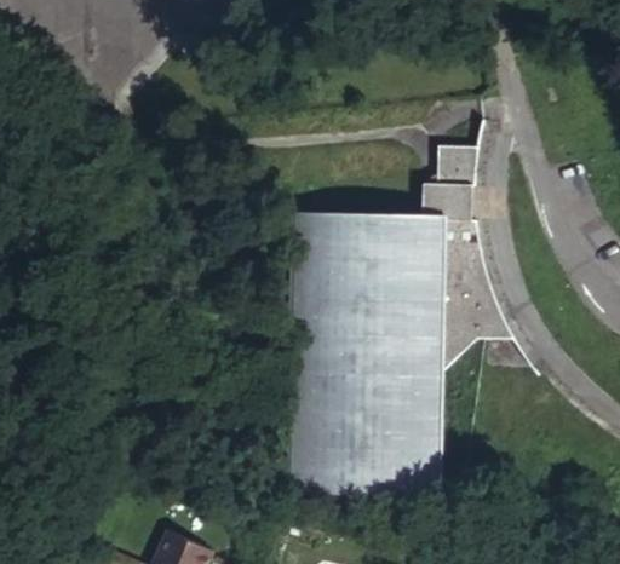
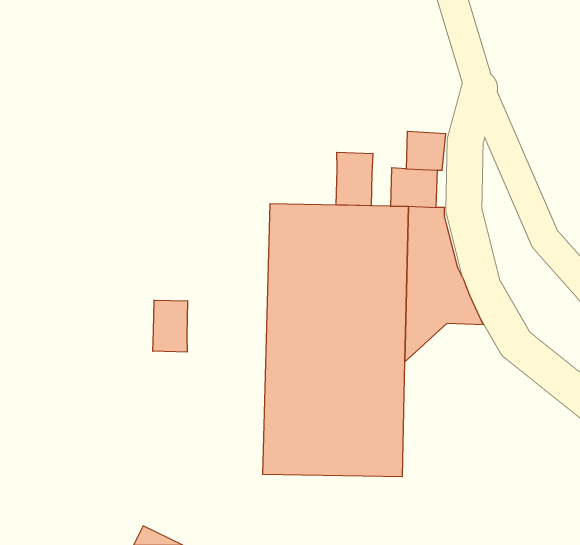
building: none -> [336,152,373,206]
building: none -> [153,300,187,352]

